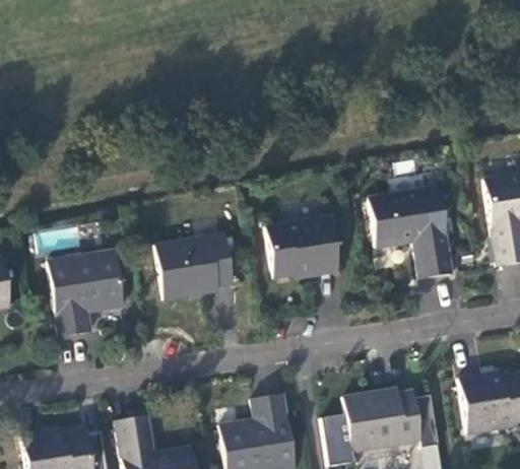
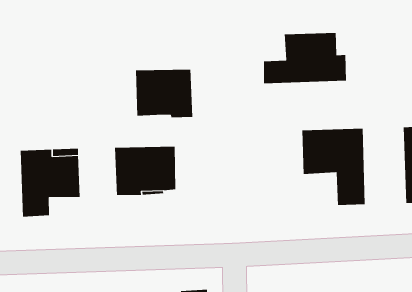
building: none -> [263,32,347,84]
building: [266,217,339,279] -> [135,69,193,118]

